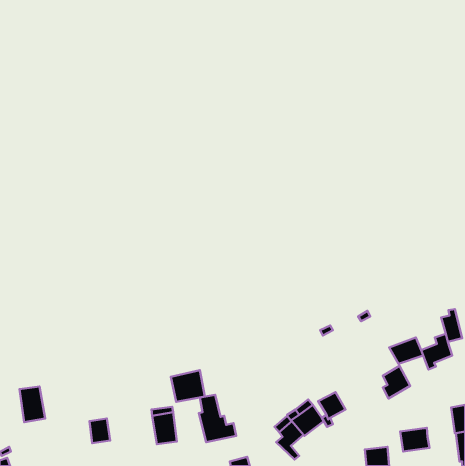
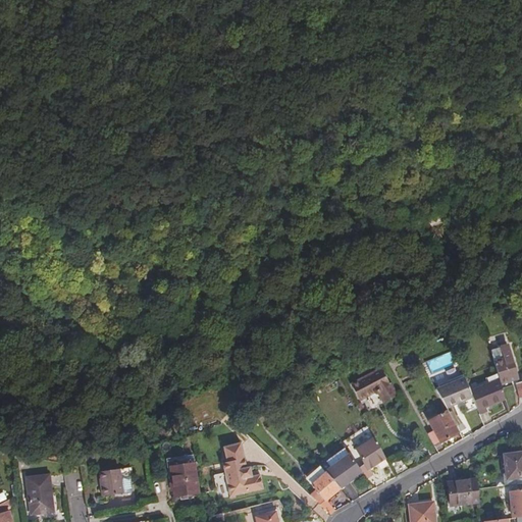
building: none -> [351,367,397,401]
building: [171,370,205,402] -> none
building: [19,387,45,422] -> [23,477,52,517]

